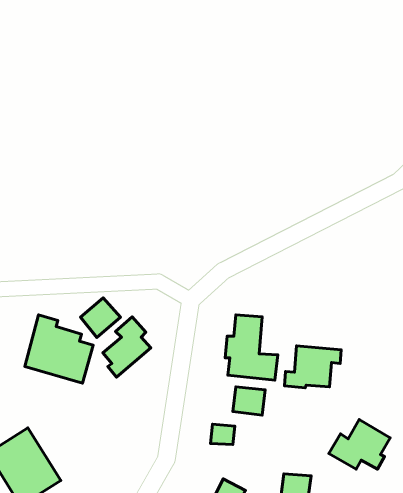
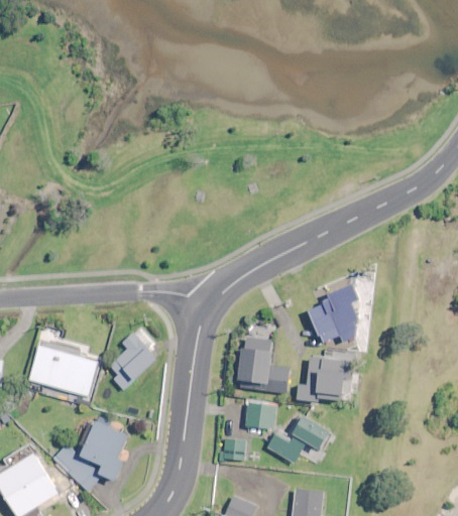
building: none -> [309,284,359,343]
building: [80,298,121,338] -> none
building: none -> [52,417,127,492]
building: [329,419,390,469] -> [265,413,329,465]

